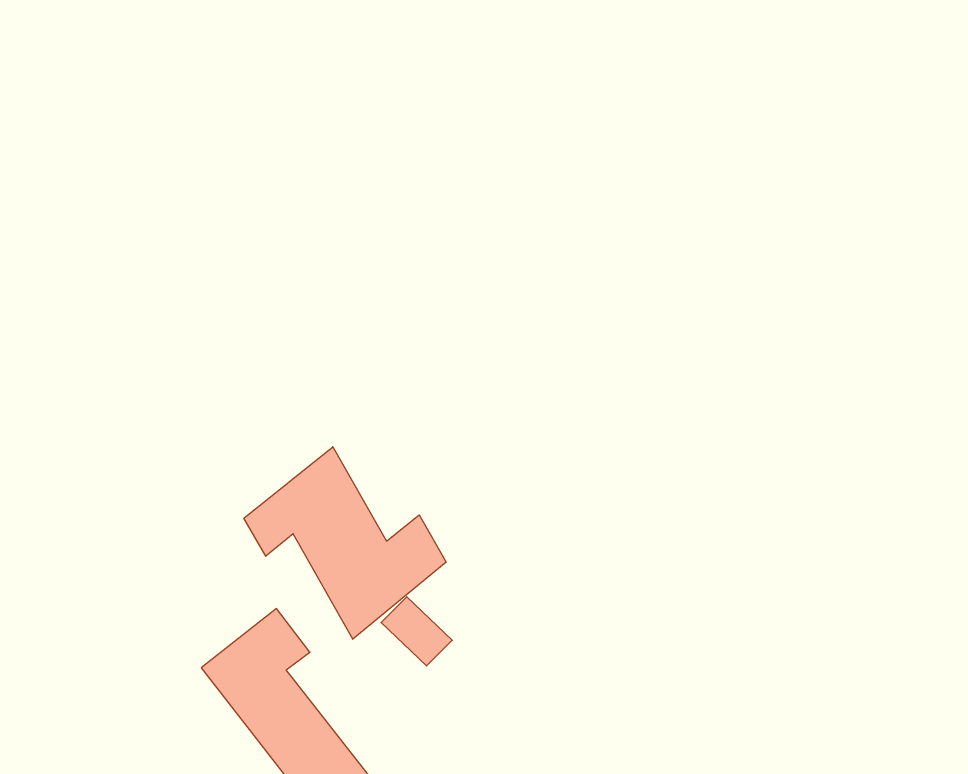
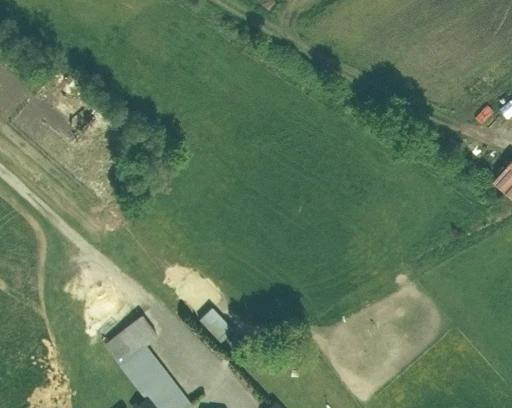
building: [244,447,446,639] -> none

